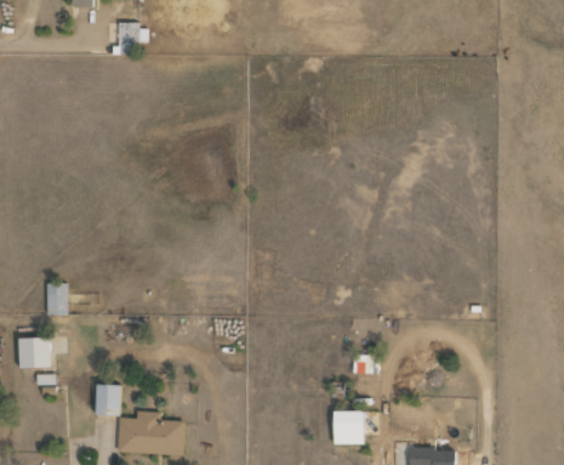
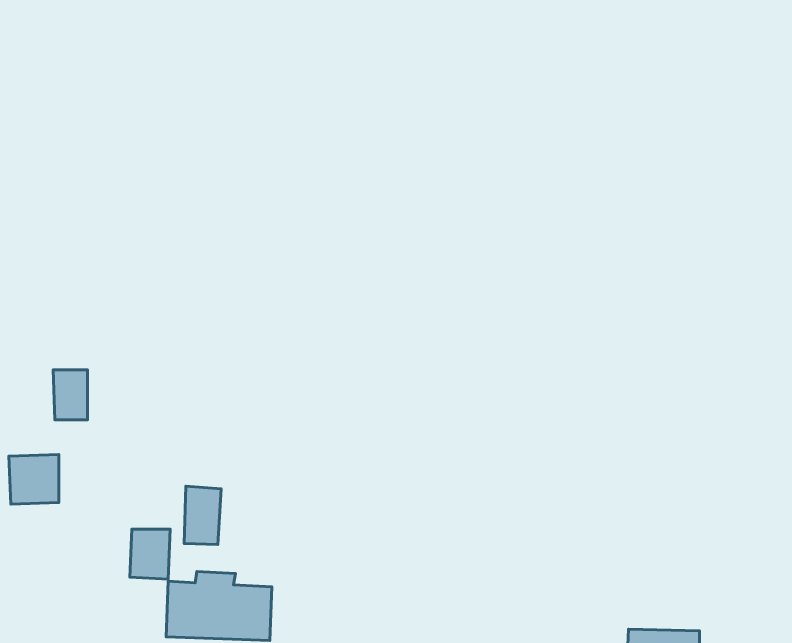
building: none -> [184,486,221,545]
building: [332,410,363,444] -> none

